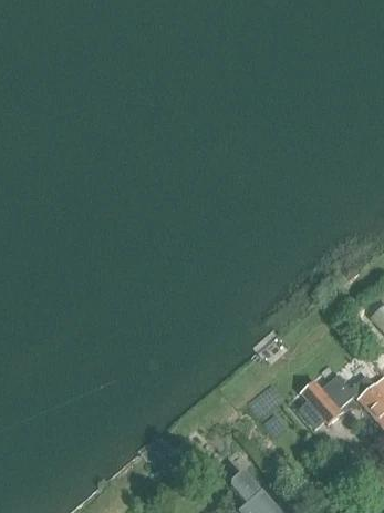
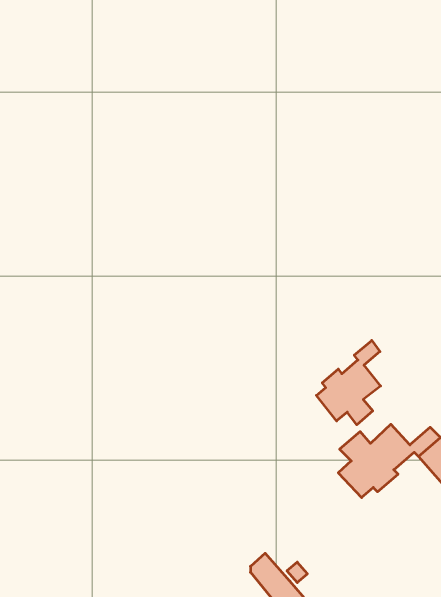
building: none -> [316,340,381,425]

